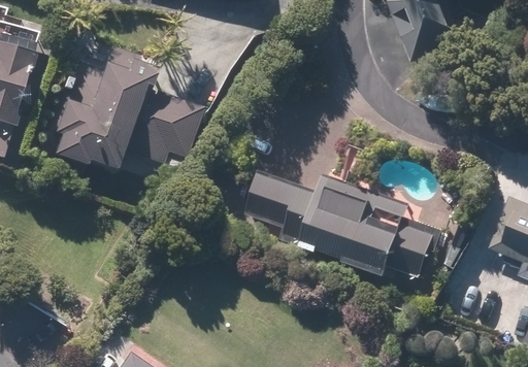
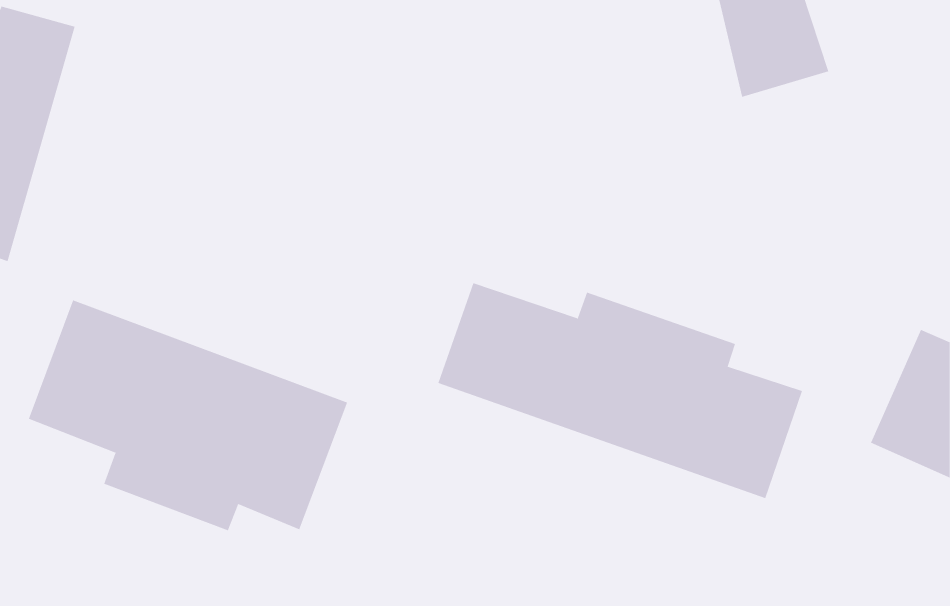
building: [52,36,208,177] -> none
building: none -> [28,300,348,531]

